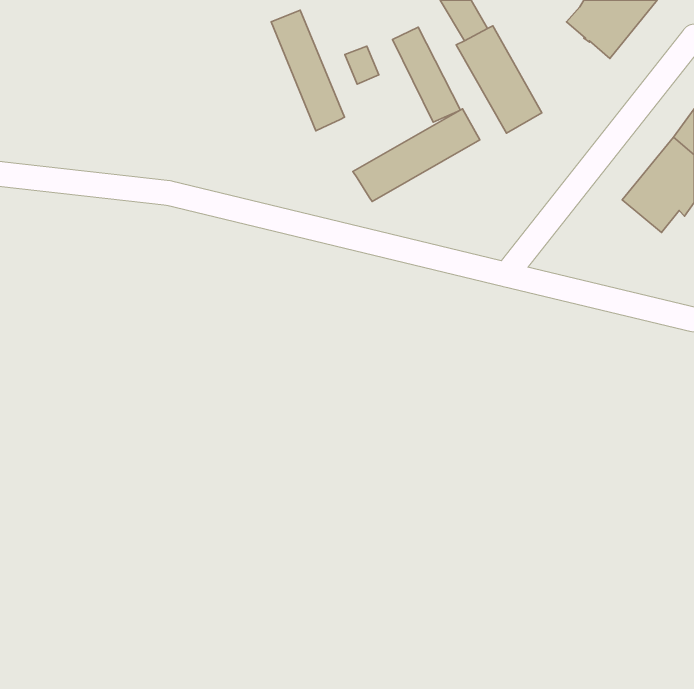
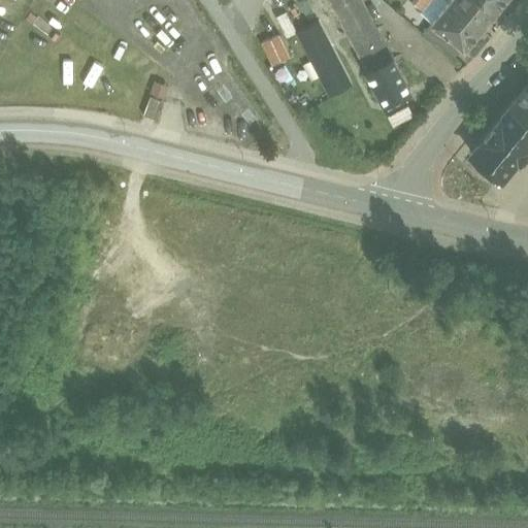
building: [271,10,344,131] -> none
building: [353,109,480,202] -> none

